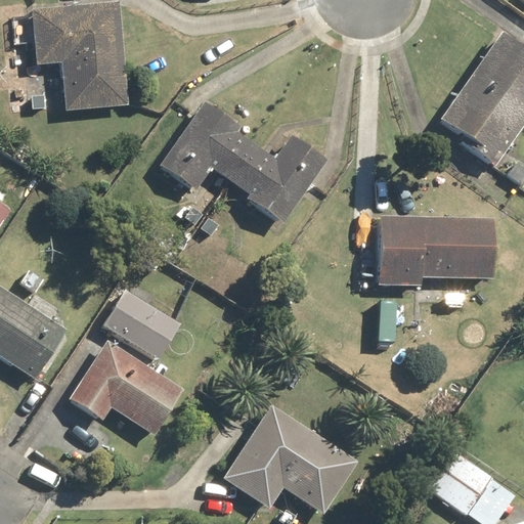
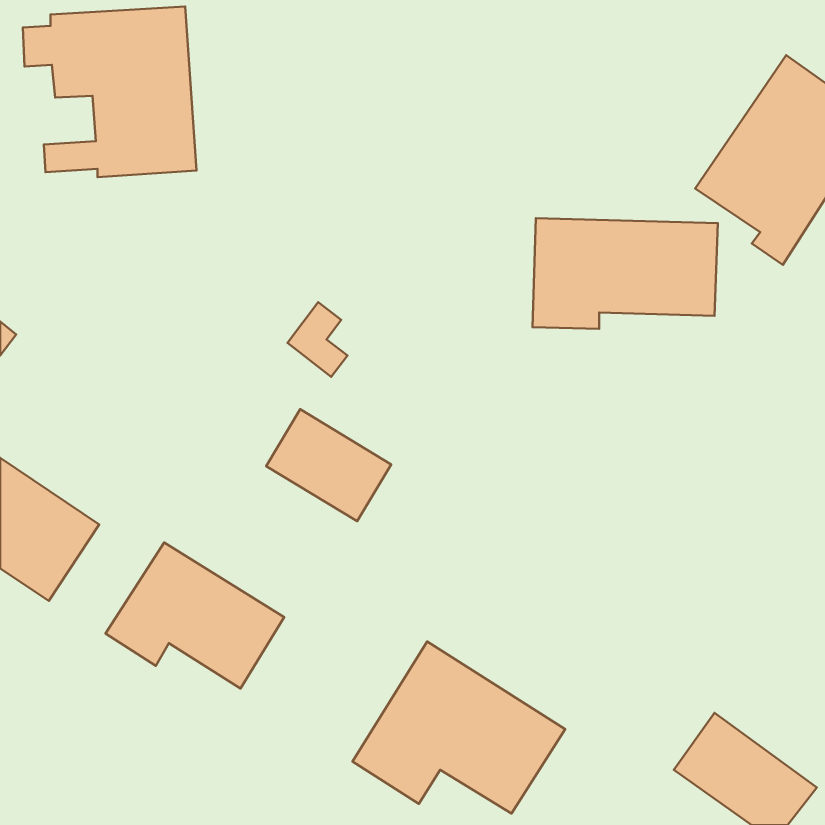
building: [162,102,325,223] -> none
building: [378,217,494,287] -> [533,218,718,329]
building: [101,289,180,359] -> [266,409,391,521]

